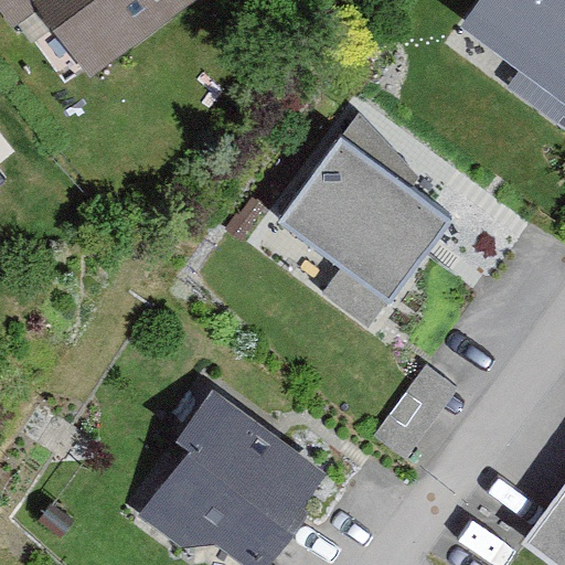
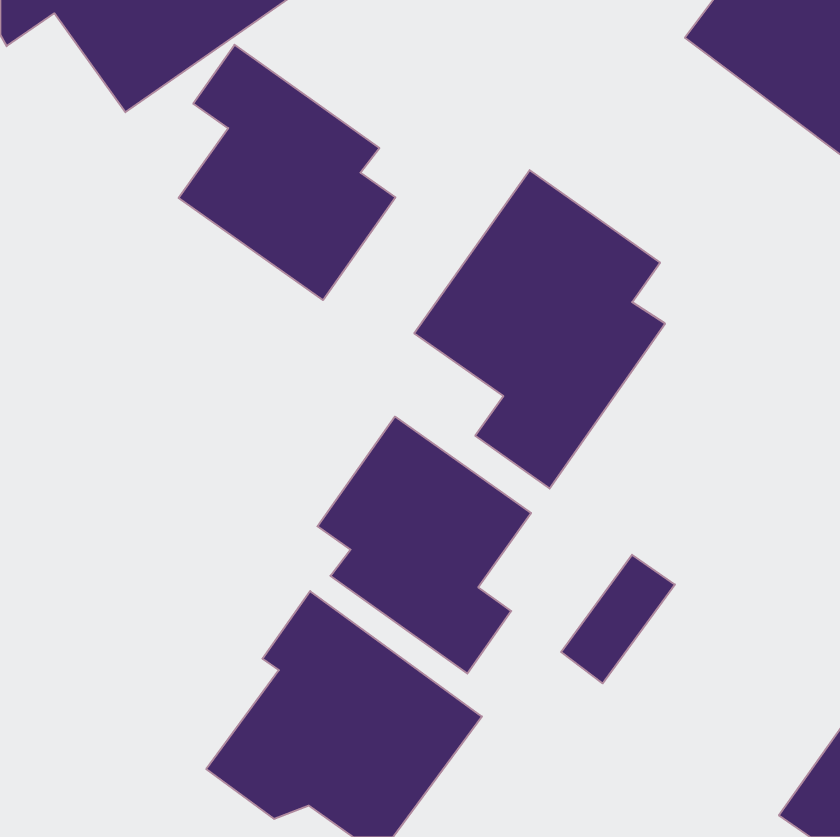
building: none -> [179,45,395,300]
building: none -> [317,417,531,674]

